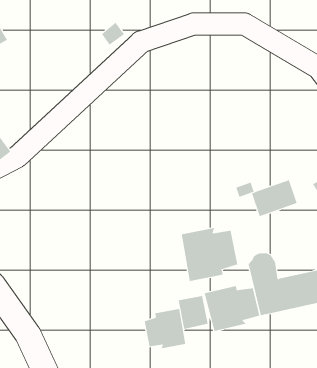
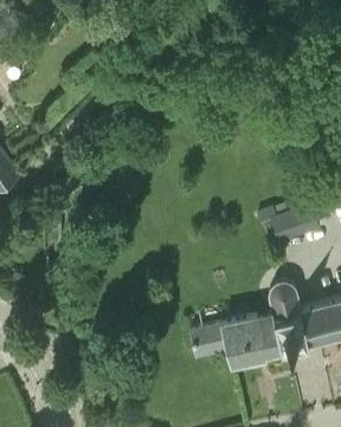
building: [181,227,238,282] -> none
building: [144,308,186,349] -> none

